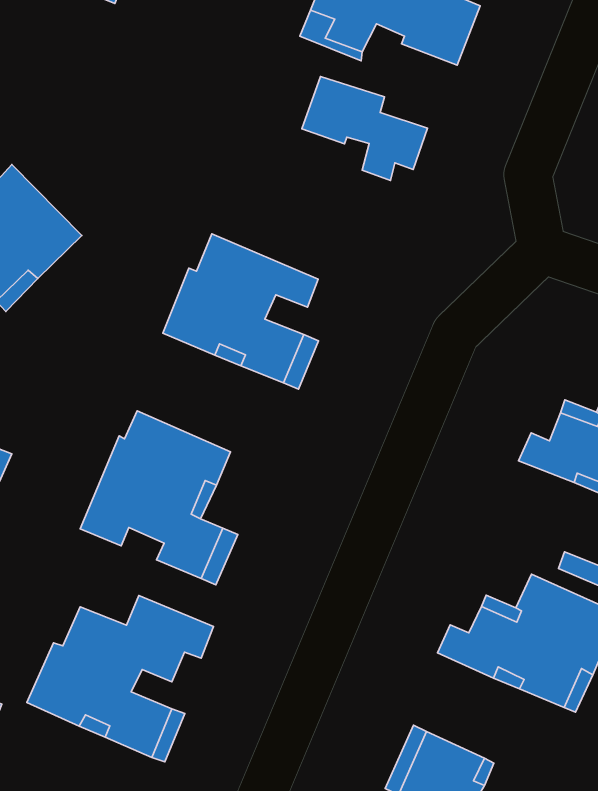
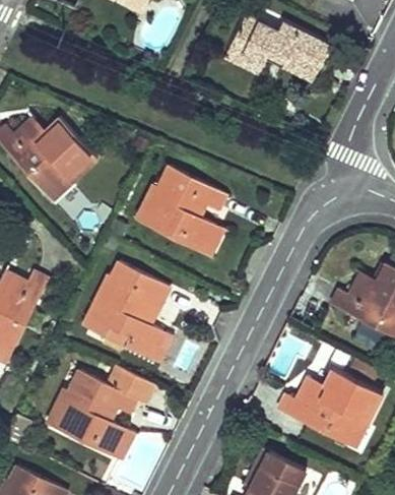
building: [302,76,428,181] -> none

